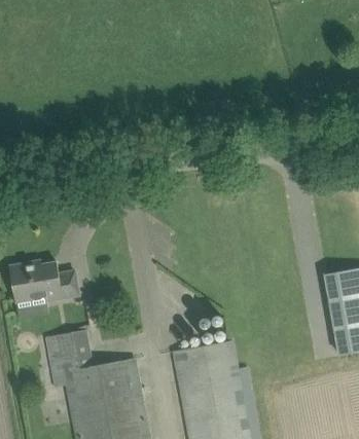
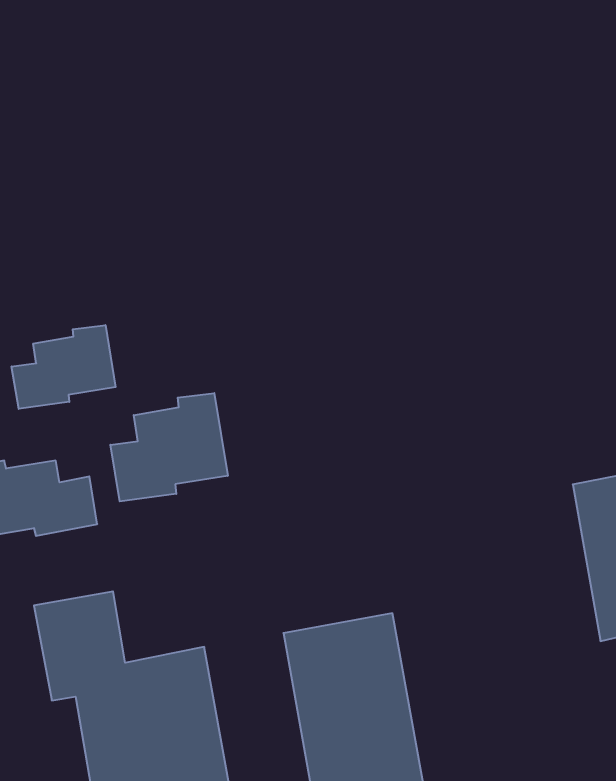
building: none -> [12,325,116,409]
building: none -> [110,393,228,501]

